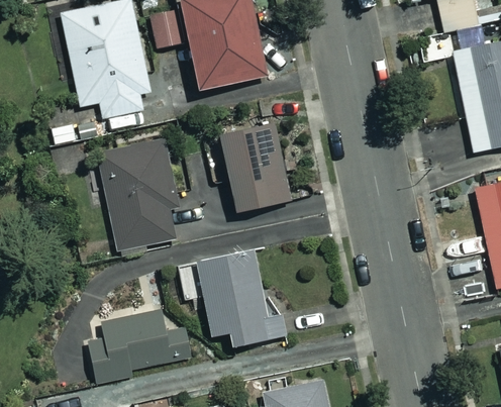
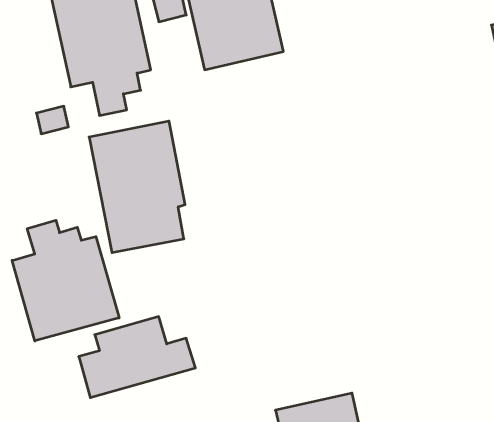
building: [220,124,292,212] -> none
building: none -> [12,220,119,341]
building: [179,251,287,346] -> none

